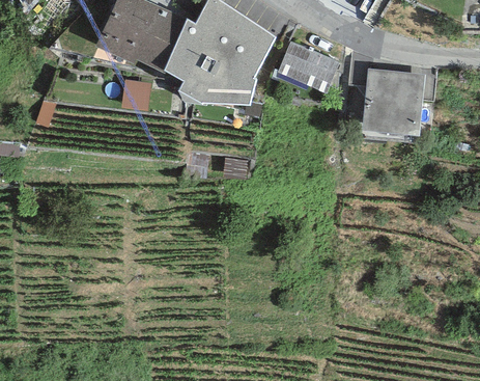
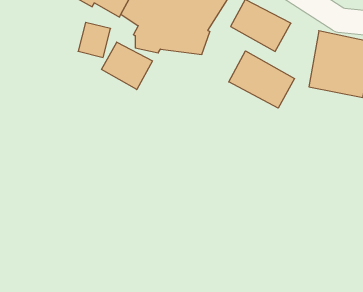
building: none -> [229,51,295,108]
building: none -> [102,42,152,90]

